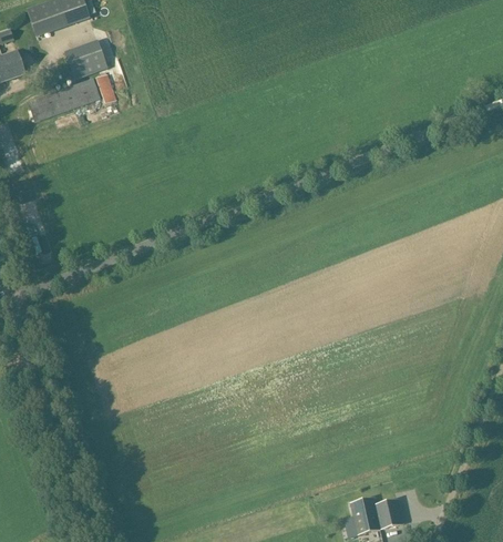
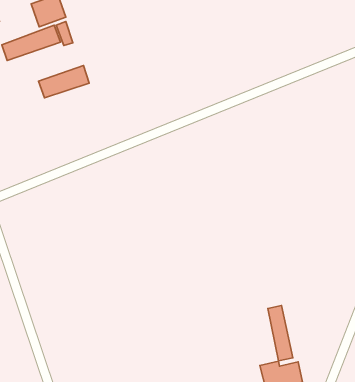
building: none -> [39,66,89,98]
building: none -> [268,305,293,361]

